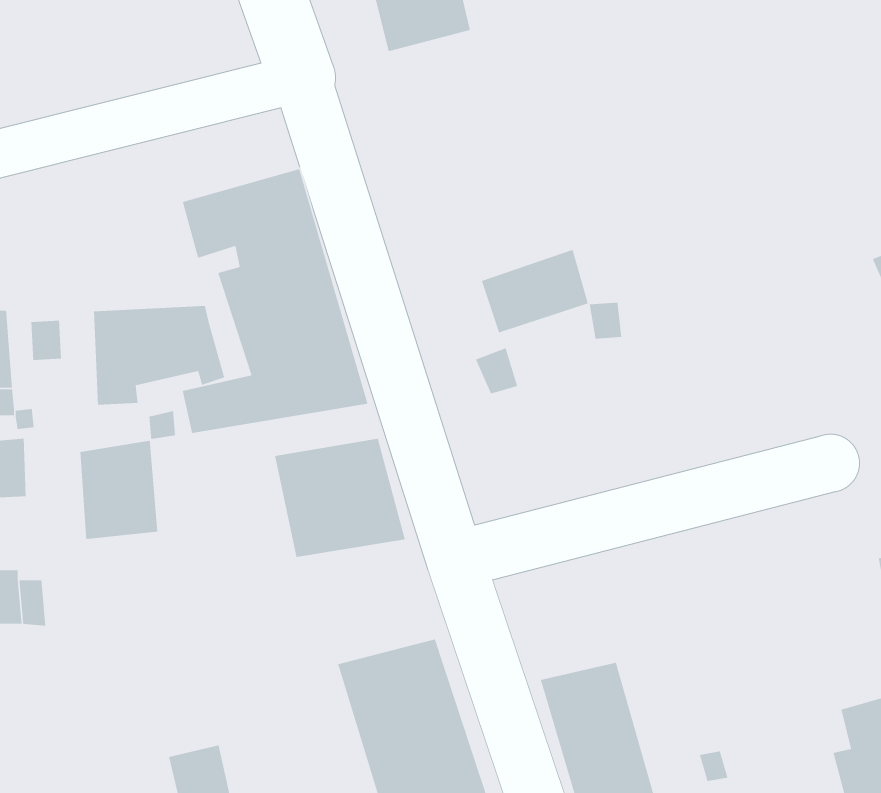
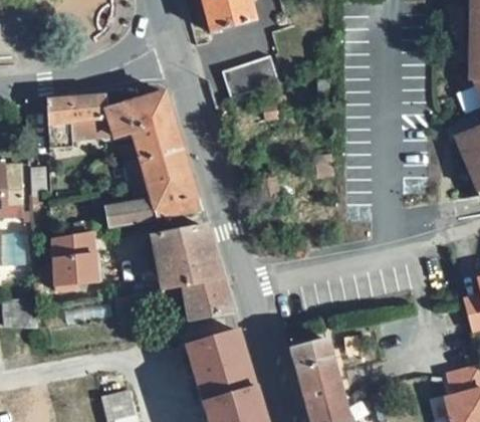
building: [481,249,589,333] -> [223,57,278,100]
building: [93,305,225,405] -> [47,101,114,153]
building: none -> [145,282,230,318]

